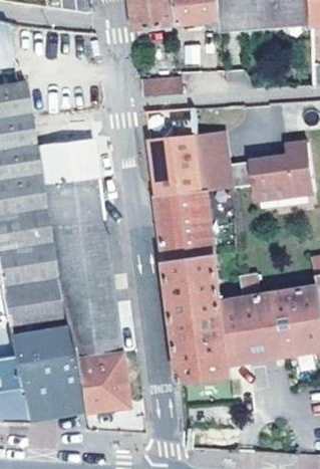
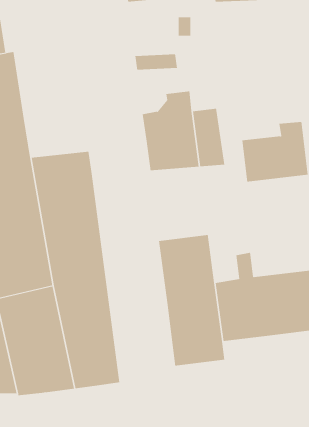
building: [34,136,97,182] -> none
building: [156,191,214,263] -> none

